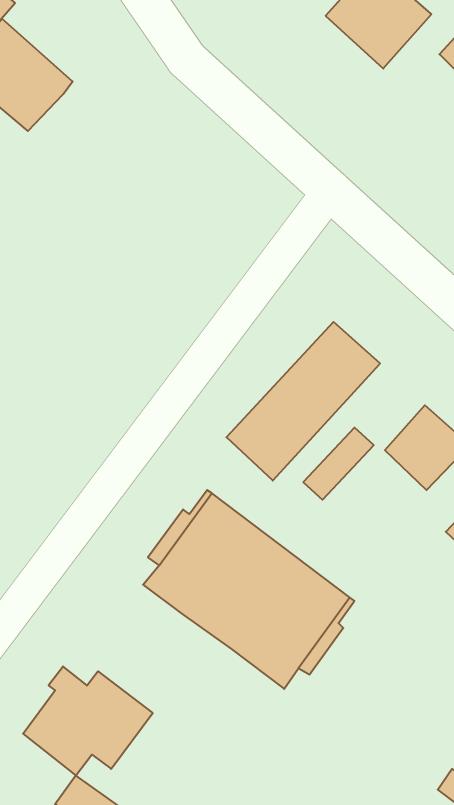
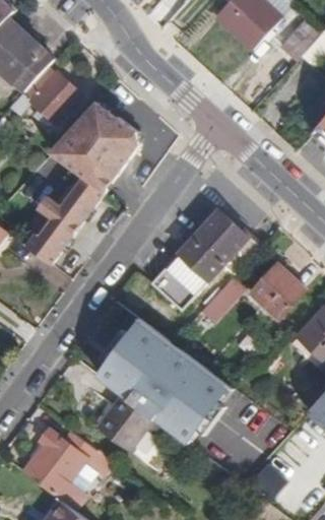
building: none -> [11,66,81,122]
building: none -> [26,101,138,264]
building: none -> [96,395,153,451]

